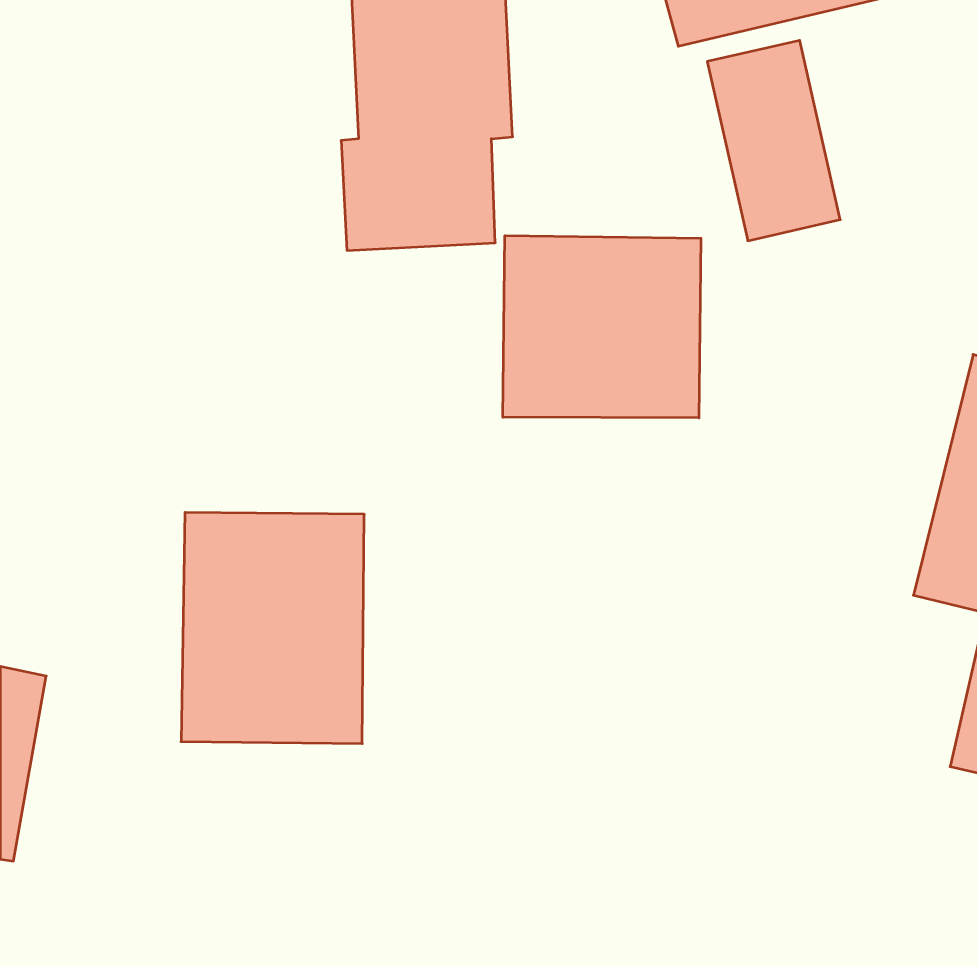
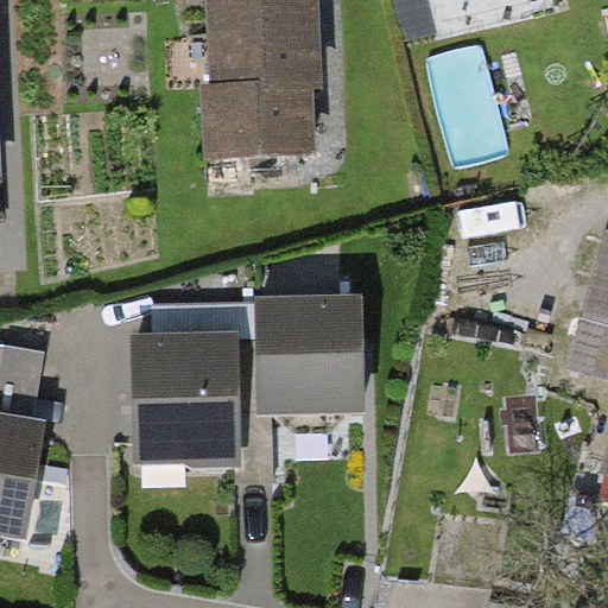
building: [503,236,701,418] -> none
building: none -> [259,297,372,439]

